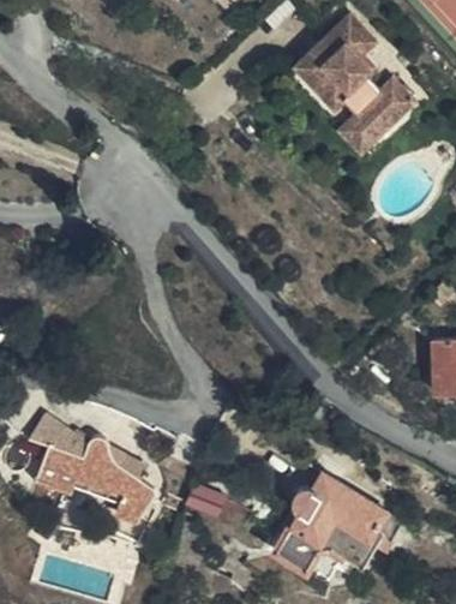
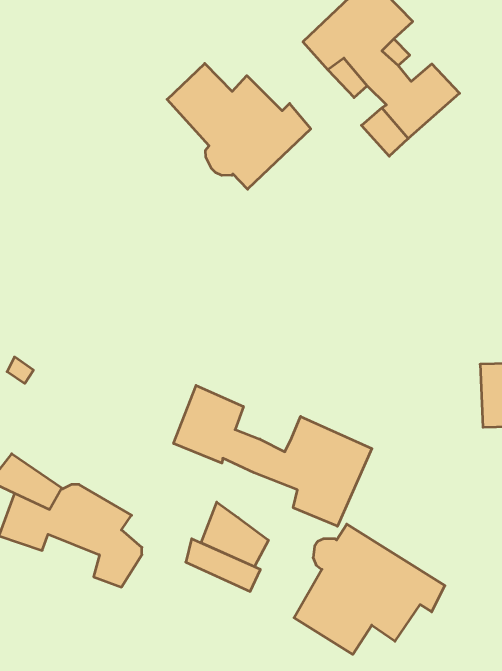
building: none -> [167,63,311,189]
building: none -> [174,385,372,526]
building: none -> [201,502,268,567]

